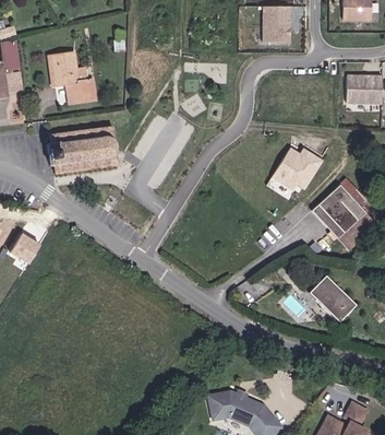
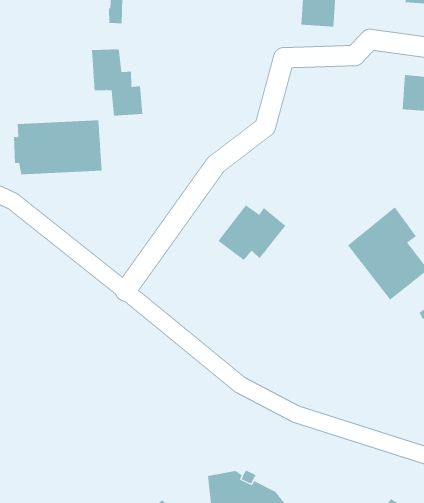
building: [51,52,95,105] -> [91,49,143,116]
building: [272,149,324,192] -> [217,205,286,261]
building: [308,275,354,322] -> none

